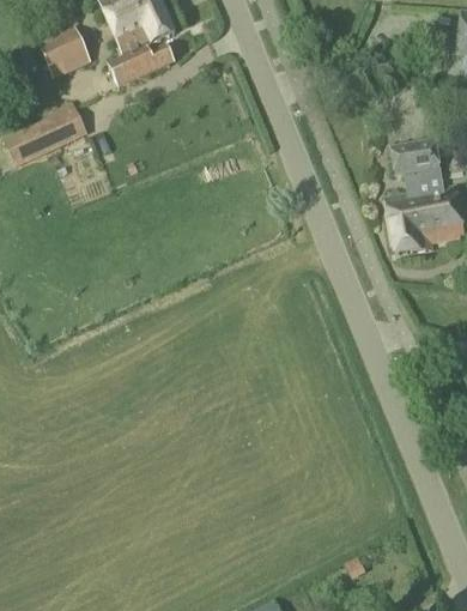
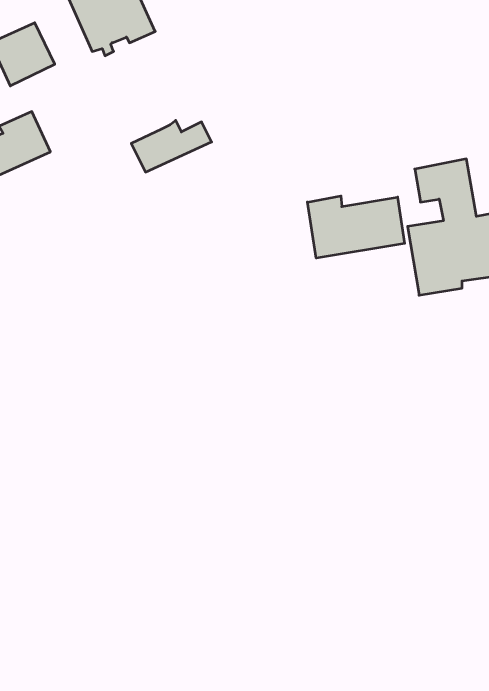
building: [108,44,175,87] -> [131,120,212,172]
building: none -> [307,196,405,258]

